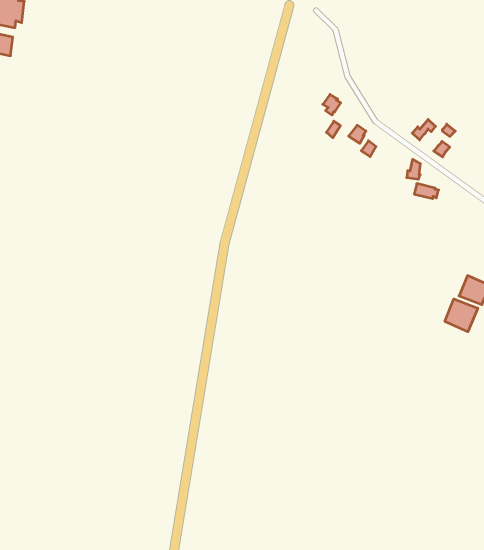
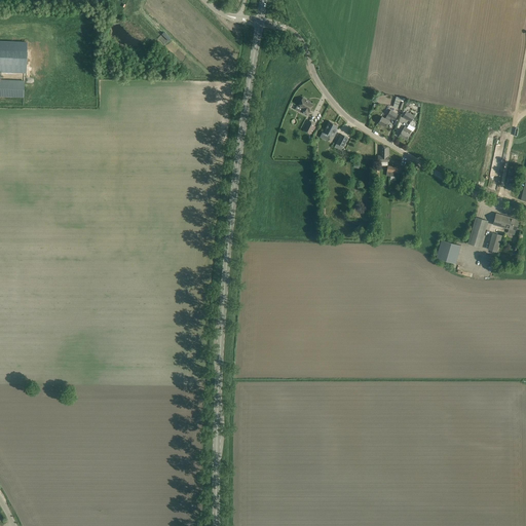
building: [445,299,478,332] -> none

